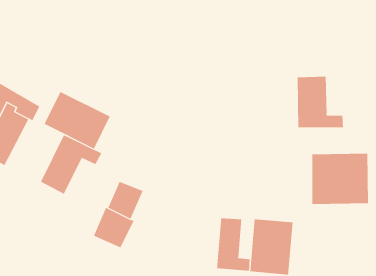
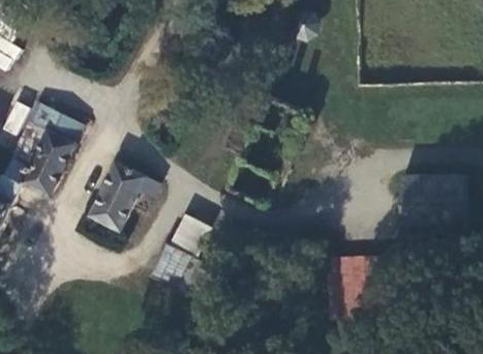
building: [297,76,344,128] -> none
building: [44,91,111,149] -> none
building: [217,218,250,272] -> none

